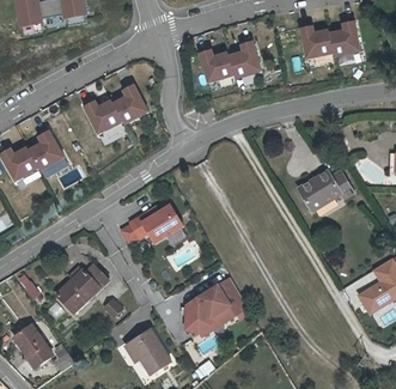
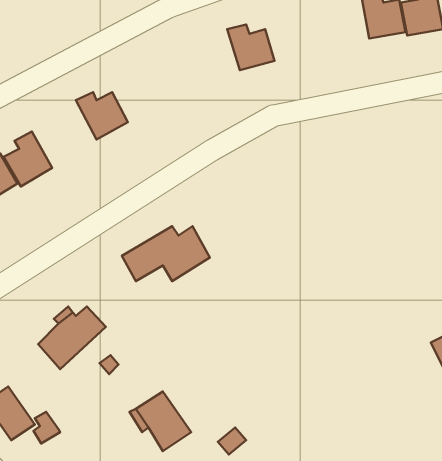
building: [230,42,264,83] -> none
building: [114,85,151,127] -> none
building: [297,171,353,212] -> none
building: [184,276,248,338] -> none

